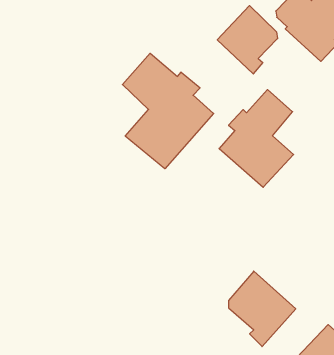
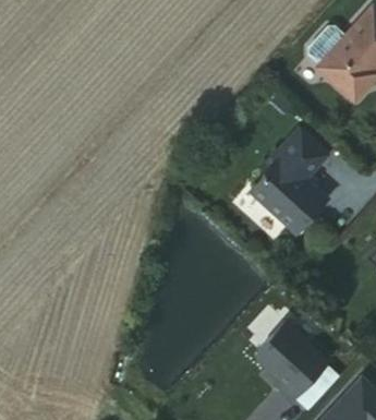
building: [217,6,278,74] -> none
building: [122,53,214,169] -> none

